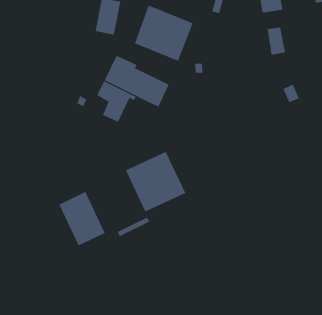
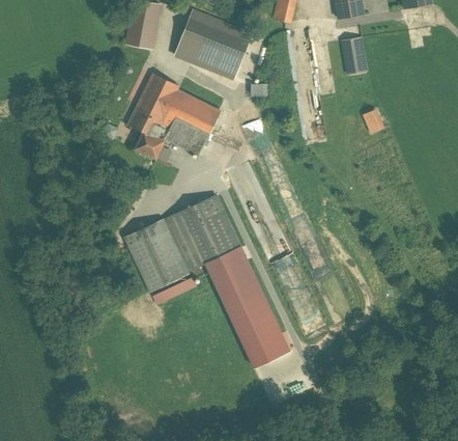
building: none -> [166,126,207,154]
building: [59,191,105,246] -> [126,220,185,290]
building: none -> [205,247,289,366]

